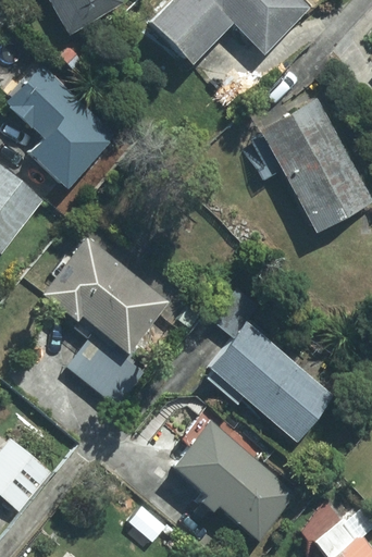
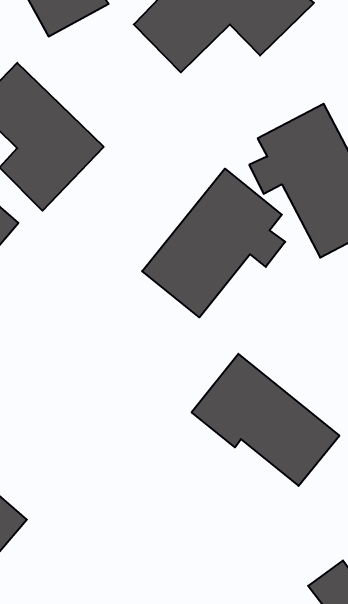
building: none -> [142,169,285,317]
building: [35,235,169,408] -> none
building: [174,421,306,542] -> none

